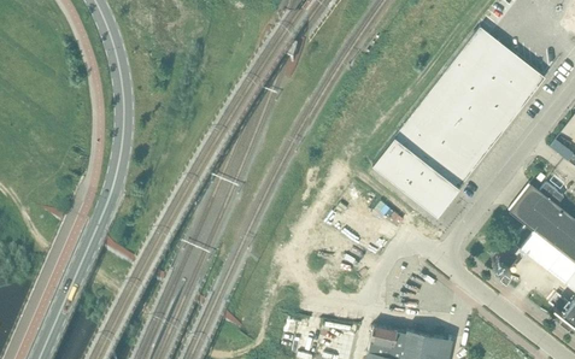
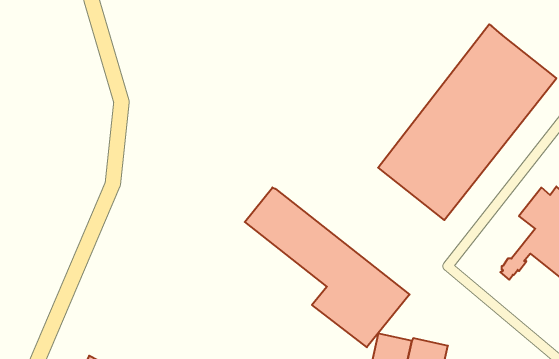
building: none -> [245,187,410,347]

